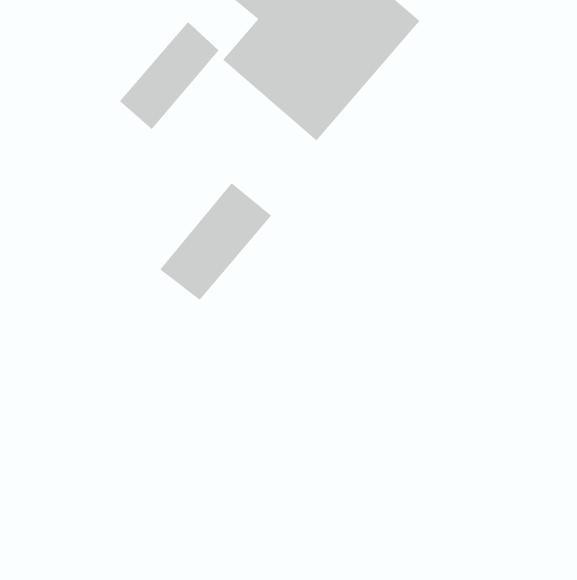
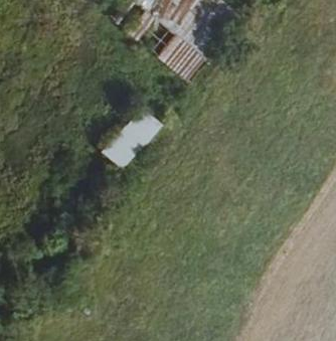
building: [119,21,219,130] -> none

